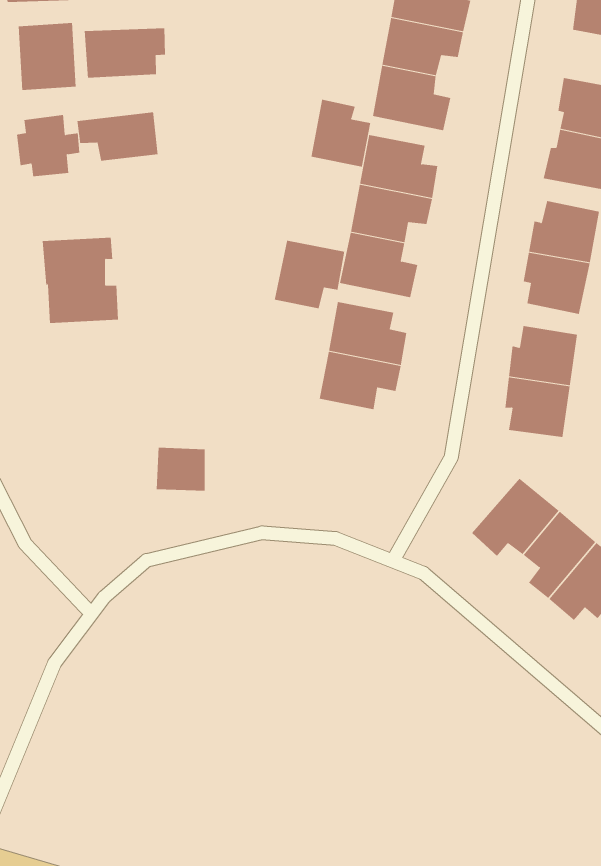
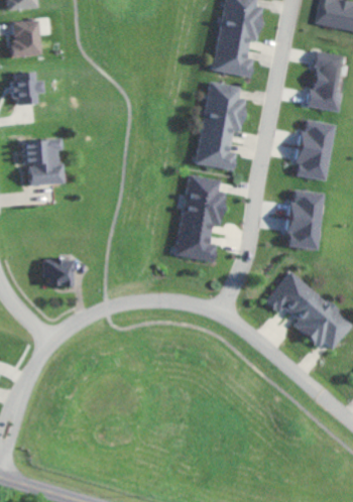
building: [84,28,166,79] -> none
building: [311,99,371,167] -> none
building: [77,111,158,162] -> none
building: [274,240,345,309] -> none
building: none -> [173,227,217,263]
building: [156,447,205,491] -> [42,259,70,283]

